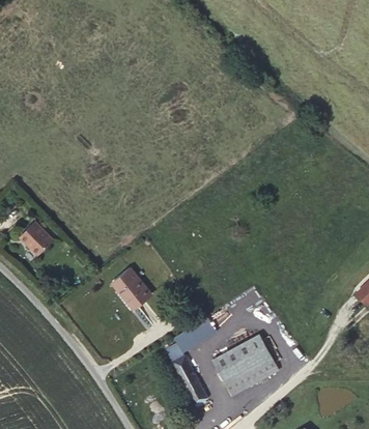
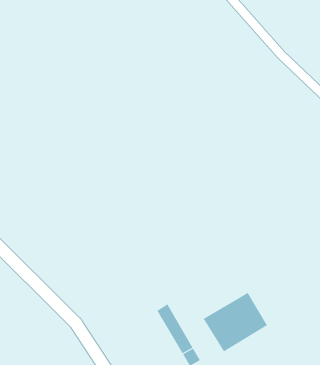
building: [18,222,52,256] -> none
building: [105,265,143,302] -> none

